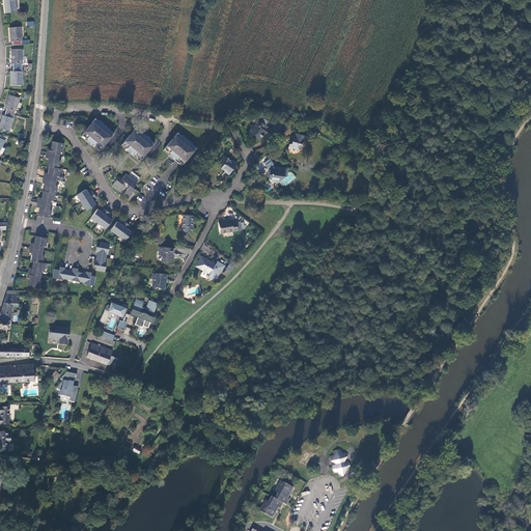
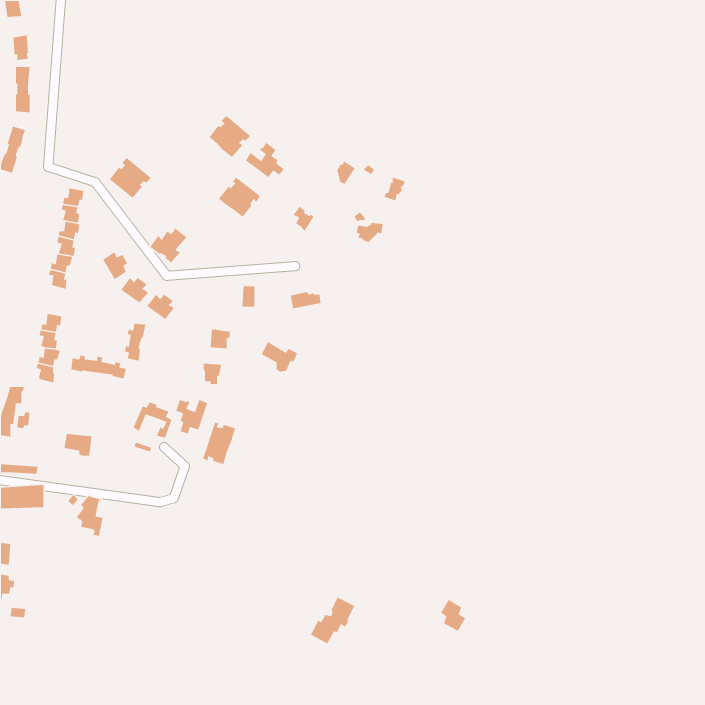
building: none -> [245,142,285,178]
building: [122,128,155,160] -> [208,115,251,158]
building: none -> [202,421,236,465]
building: [87,343,118,368] -> none
building: [259,481,294,518] -> [310,596,355,645]

